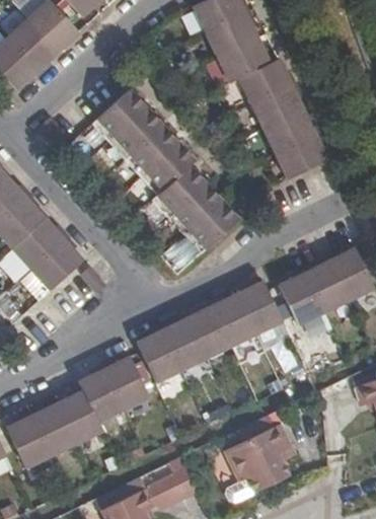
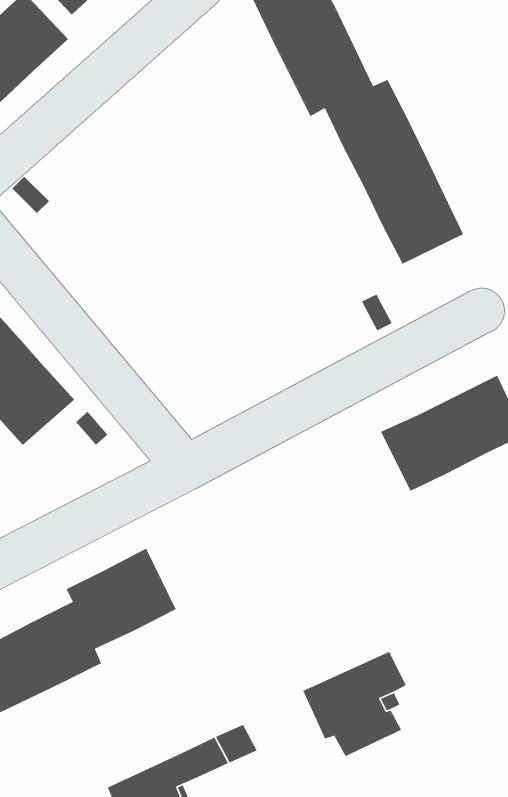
building: [92,89,239,252] -> none
building: [136,279,280,380] -> none

